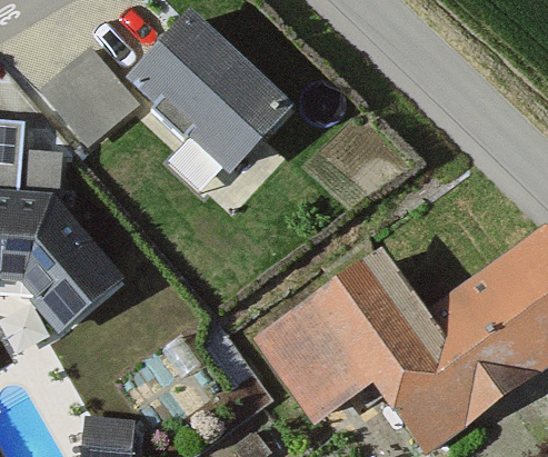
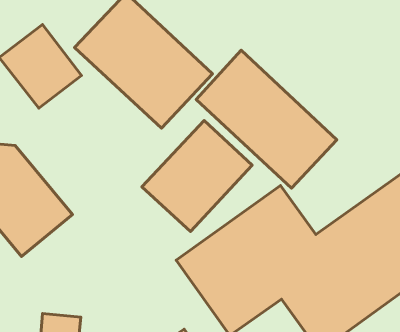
building: none -> [196,50,337,188]
building: none -> [142,120,252,231]

